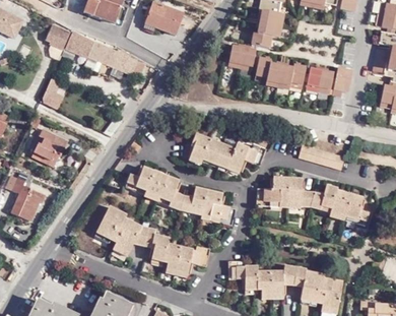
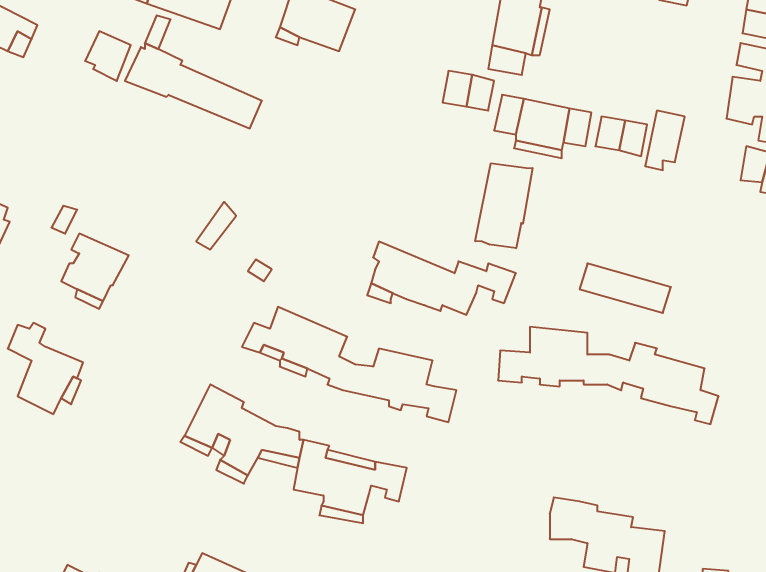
building: [39,77,64,110] -> none
building: none -> [475,163,533,248]
building: [228,260,283,295] -> none

